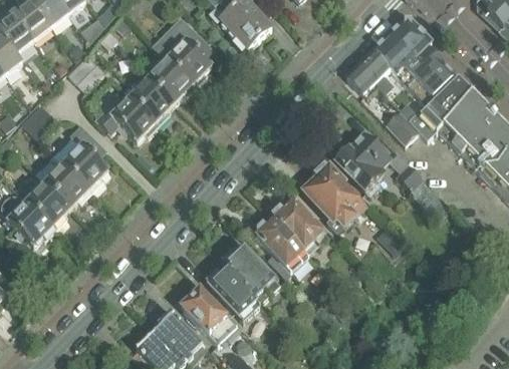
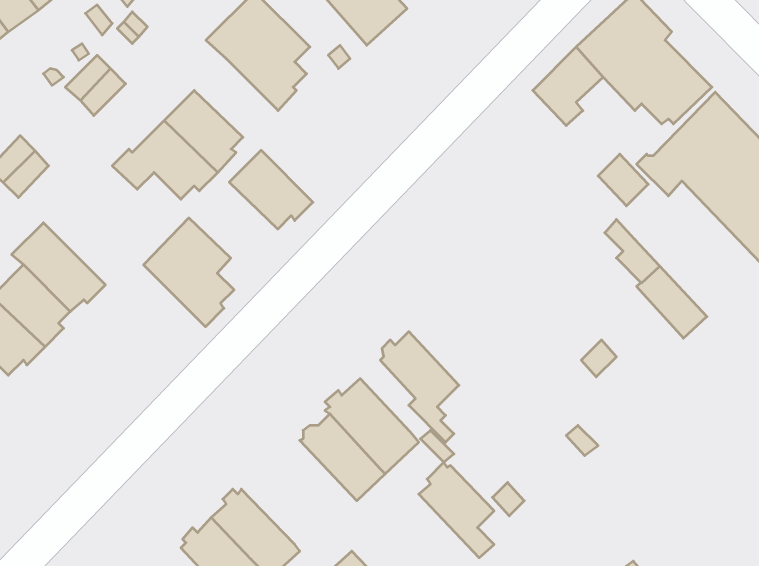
building: [145,54,195,101] -> [229,150,313,229]
building: [54,124,108,190] -> [144,218,234,327]
building: [334,131,390,193] -> none
building: [302,159,359,230] -> none
building: [272,200,323,250] -> none
building: [181,286,226,343] -> [419,462,494,558]

